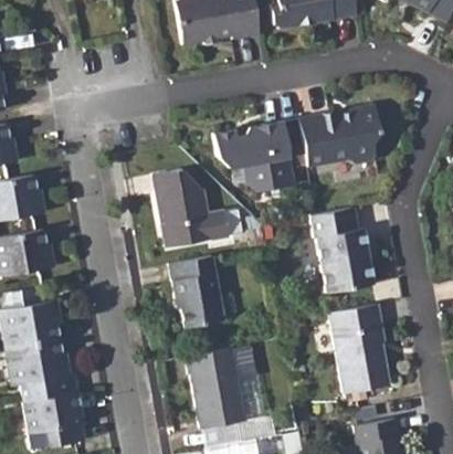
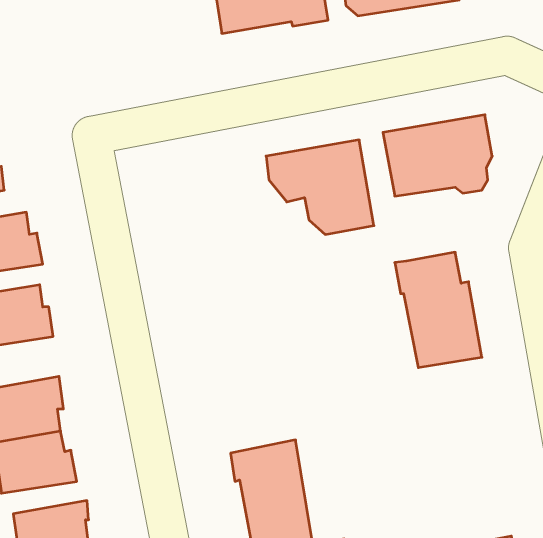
building: [152,168,229,246] -> none
building: [169,255,225,329] -> none
building: [328,303,388,392] -> none

